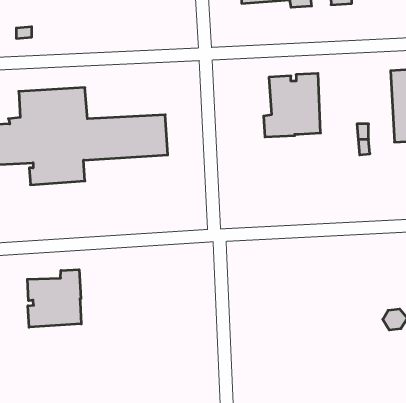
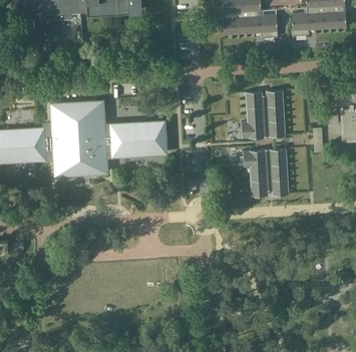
building: none -> [243,149,289,198]
building: [27,270,81,327] -> none

